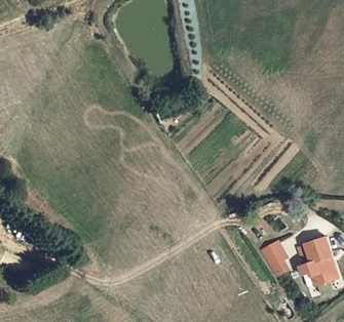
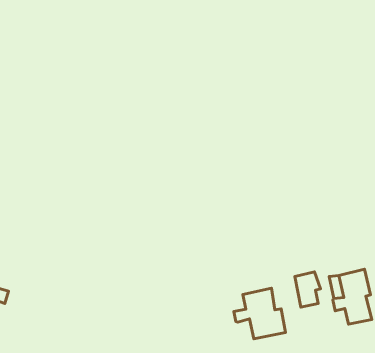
building: none -> [234,288,286,339]

